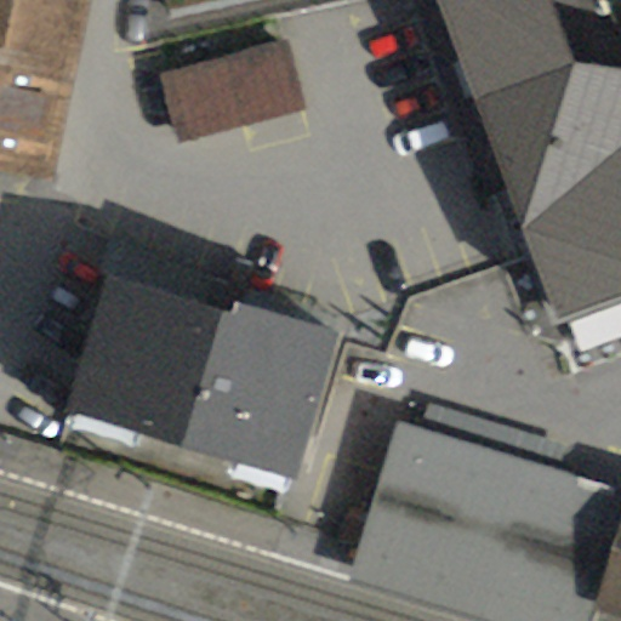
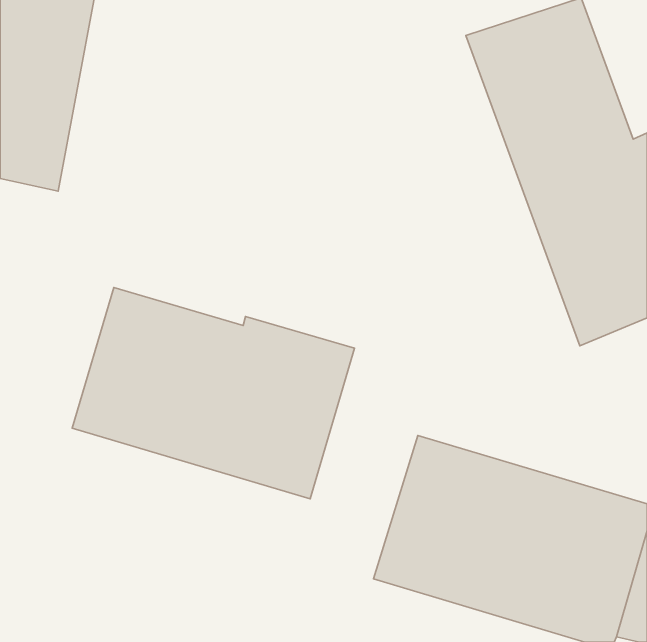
building: [160,36,307,141] -> none

